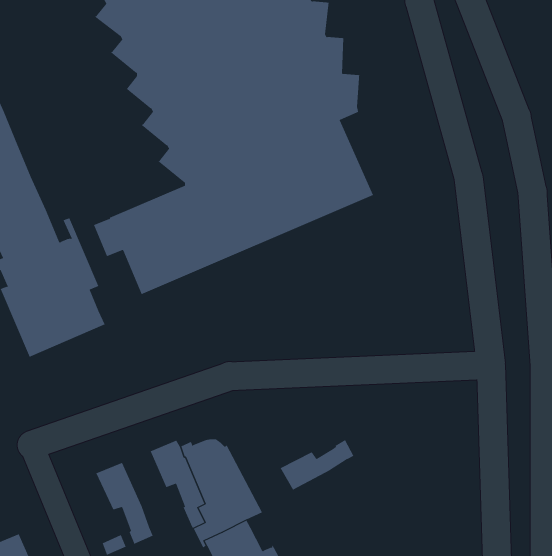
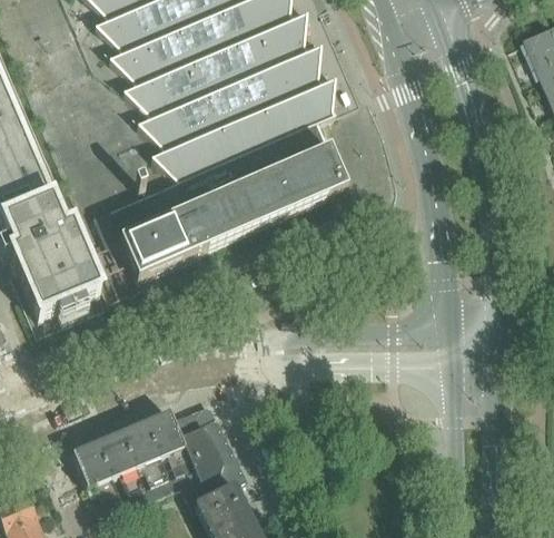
building: [280,439,354,490] -> none
building: none -> [121,419,175,493]
building: none -> [72,439,119,497]

